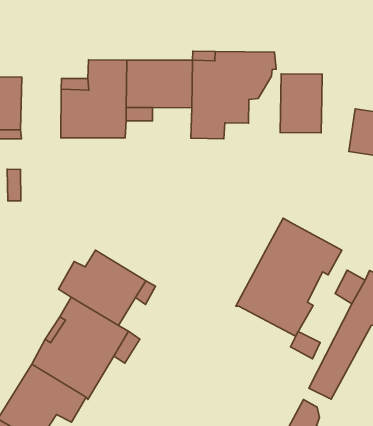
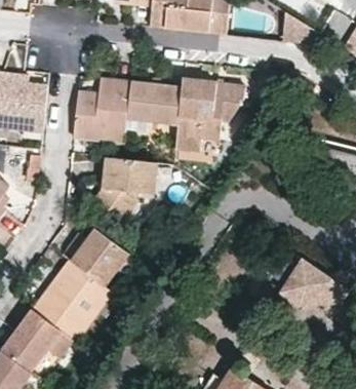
building: [280,74,322,133] -> none
building: none -> [92,155,155,220]
building: [236,218,342,336] -> none

